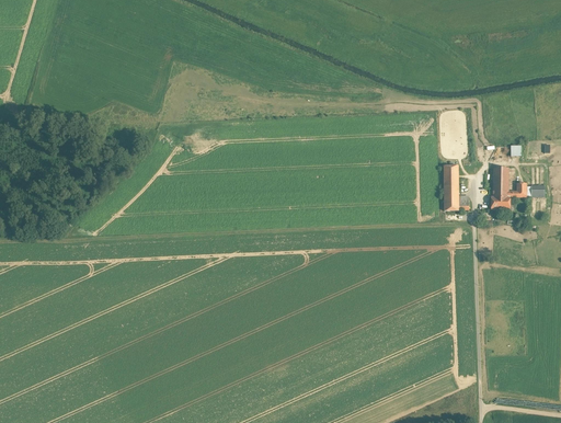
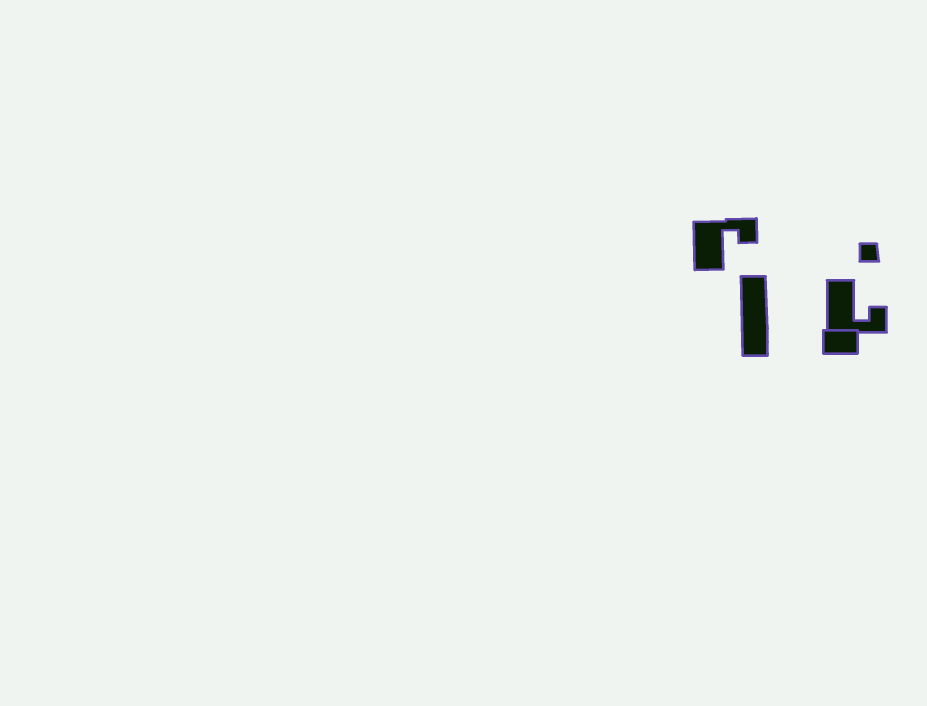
building: none -> [694,218,757,270]

